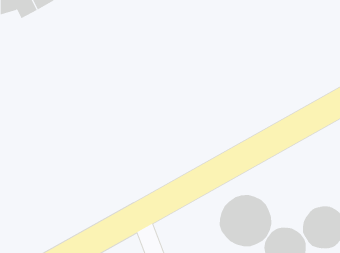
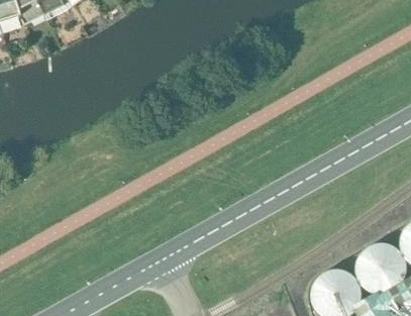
building: [219,194,272,247] -> none

